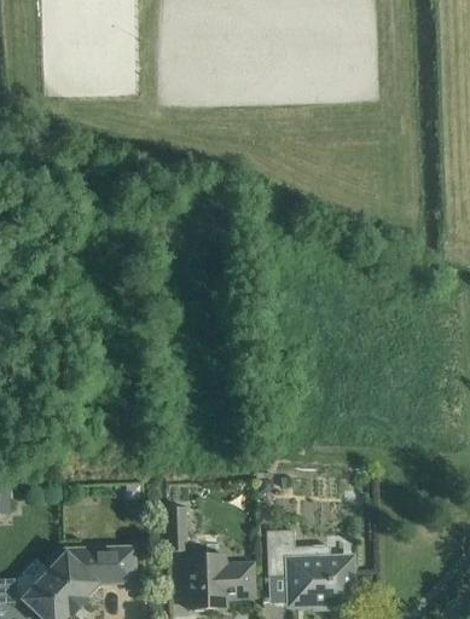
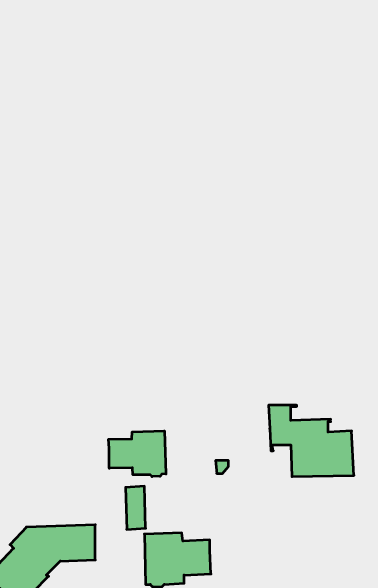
building: none -> [109,431,166,477]
building: [266,530,354,603] -> [269,405,354,477]

